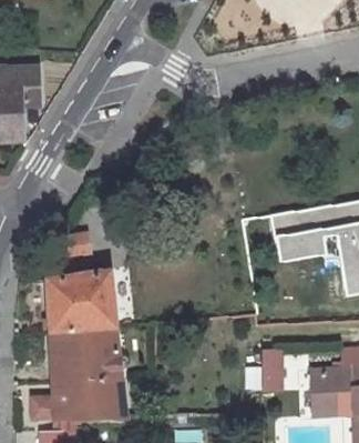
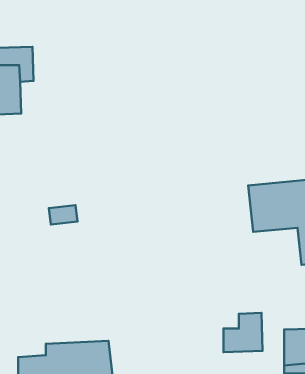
building: [48,269,121,382] -> none

